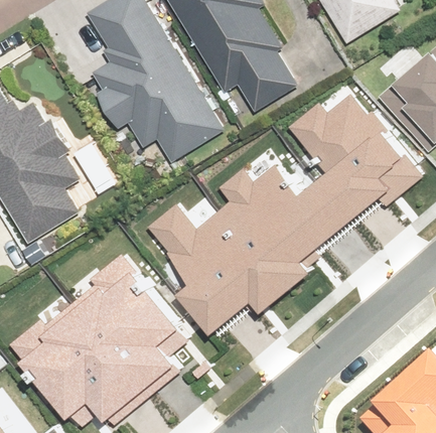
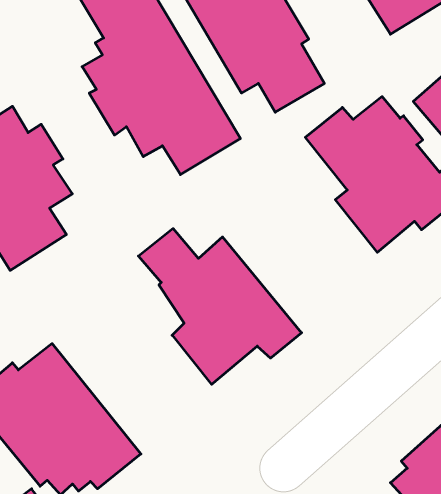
building: [211,168,341,295] -> none
building: [68,256,186,397] -> none

